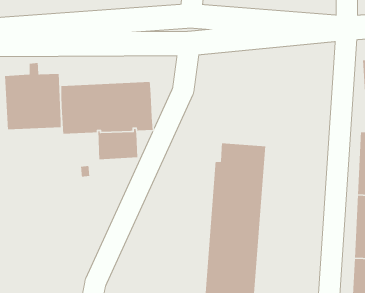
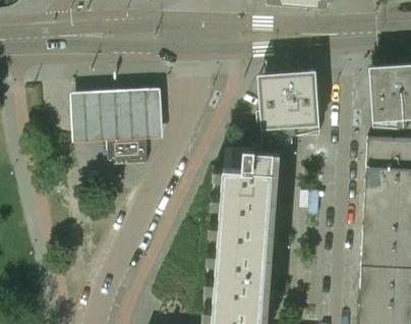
building: [4,62,61,130] -> none
building: none -> [259,70,321,146]

